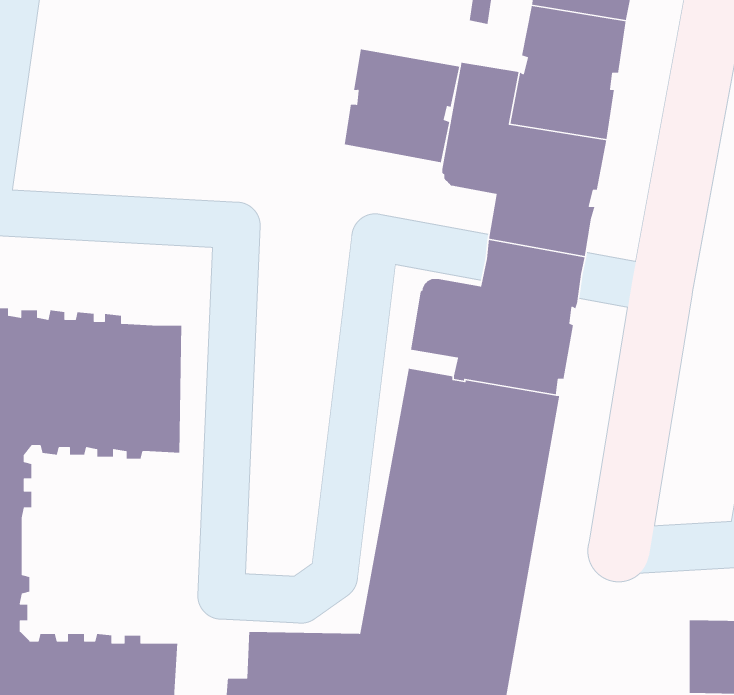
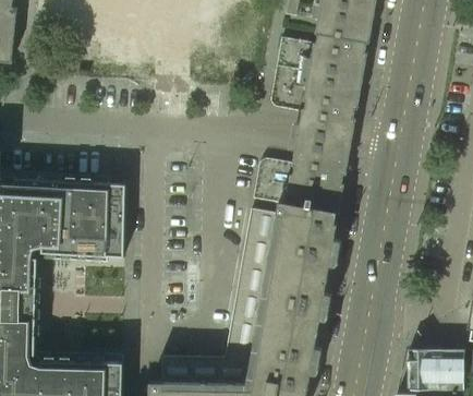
building: [344,48,460,163] -> none

